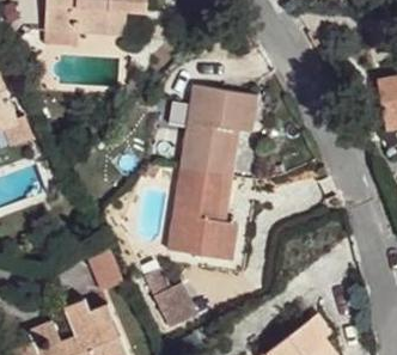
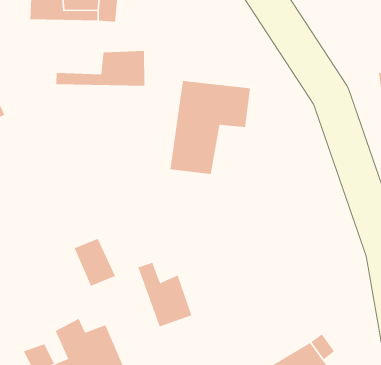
building: none -> [56,50,145,86]
building: [165,169,231,262] -> none

